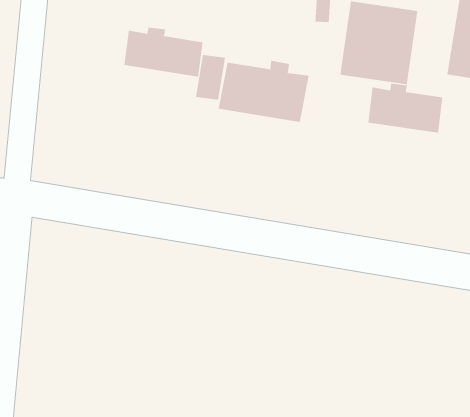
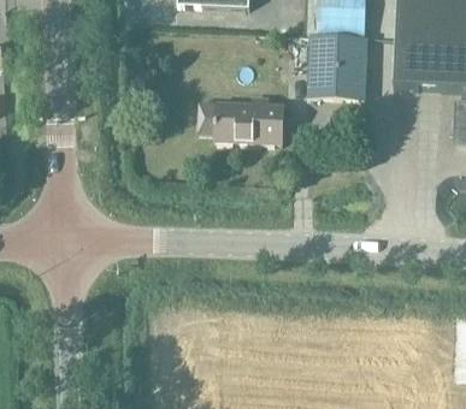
building: [124,27,203,77] -> none
building: [368,83,443,133] -> none

